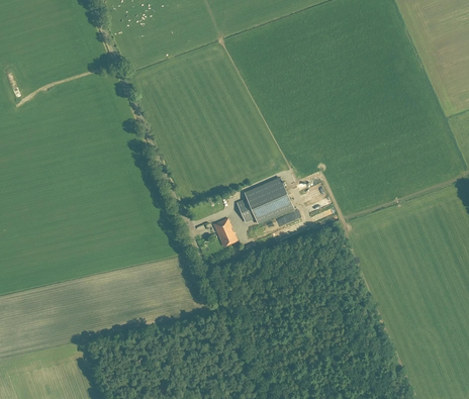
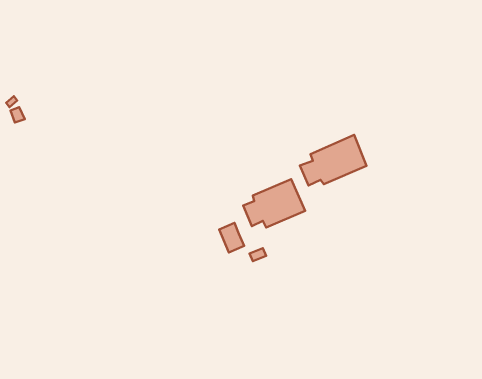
building: none -> [300,135,367,185]

